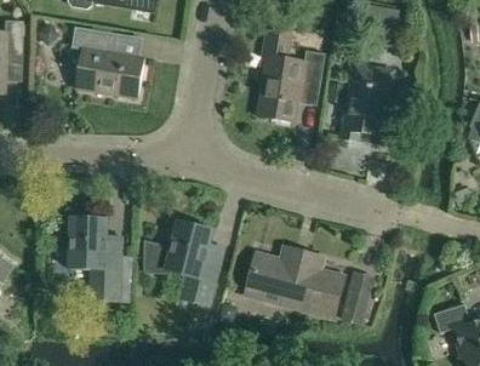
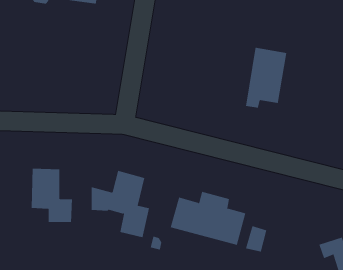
building: [72,24,144,98] -> none
building: [257,30,325,121] -> none

